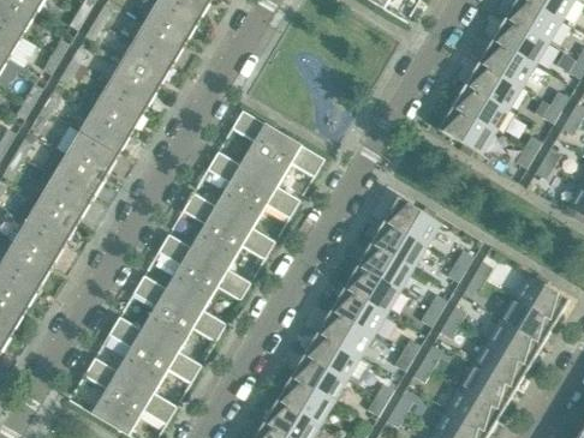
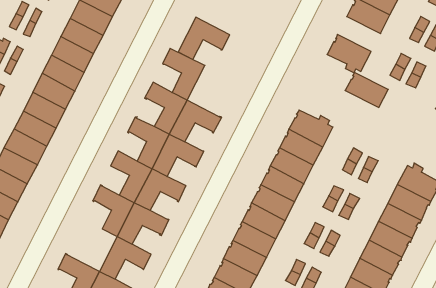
building: [452,84,506,130] -> [345,72,388,107]
building: [258,133,324,186] -> [178,17,230,60]
building: [107,316,160,382] -> none

